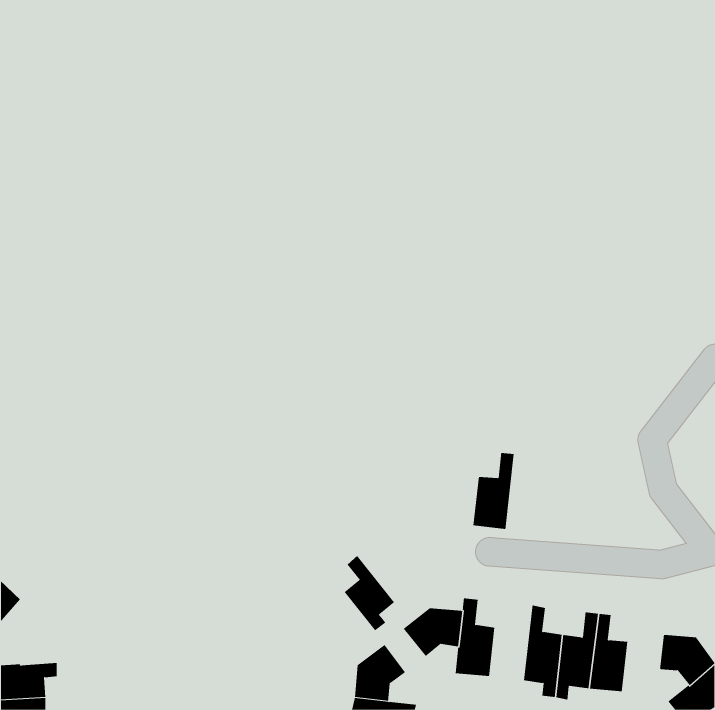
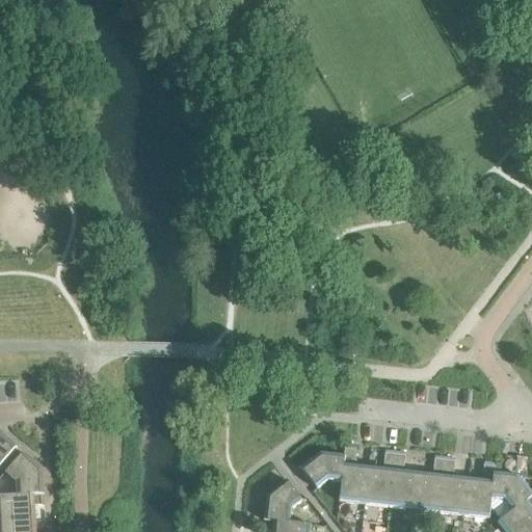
building: [473,453,515,530] -> [364,448,395,505]
building: [344,555,395,631] -> none
building: none -> [4,451,43,494]
building: none -> [462,459,495,516]

